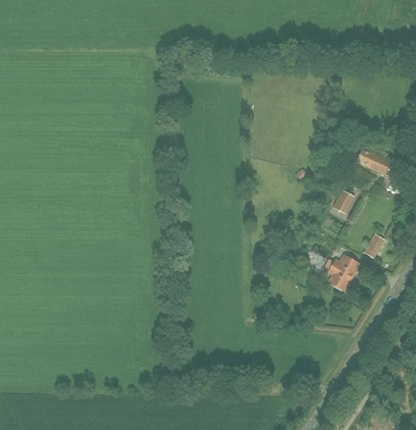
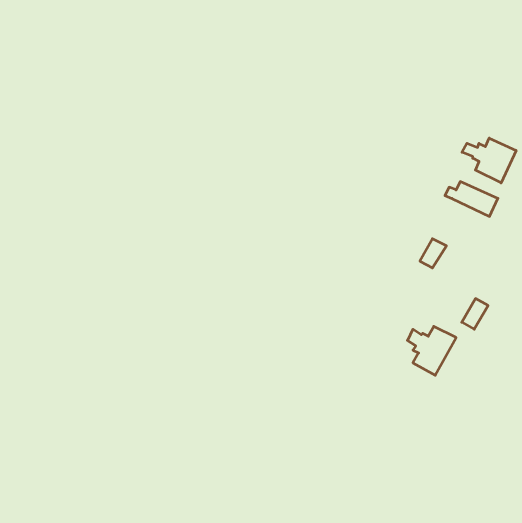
building: none -> [462,138,516,183]

